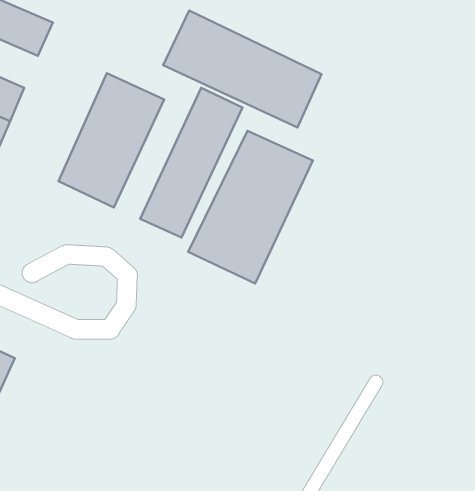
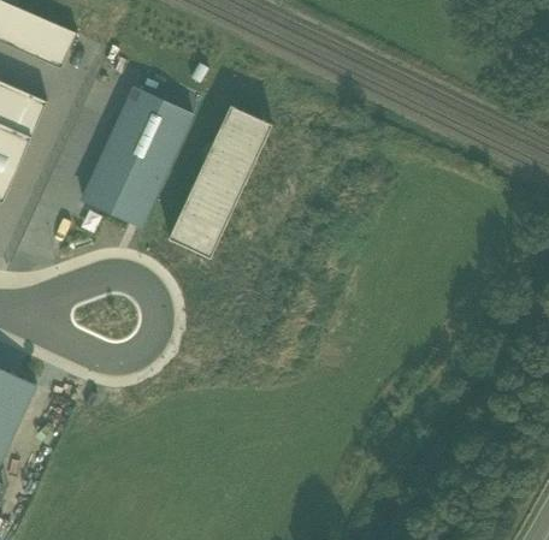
building: [163,10,322,128] -> none
building: [188,131,313,283] -> none

